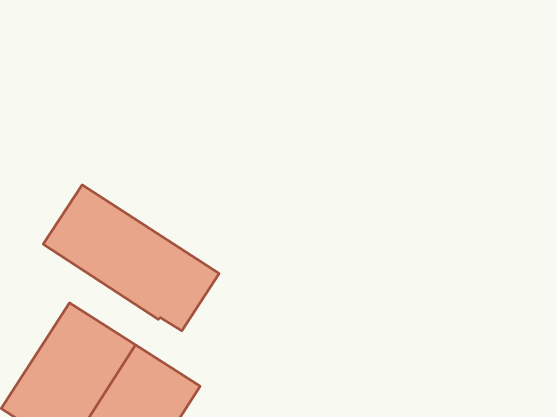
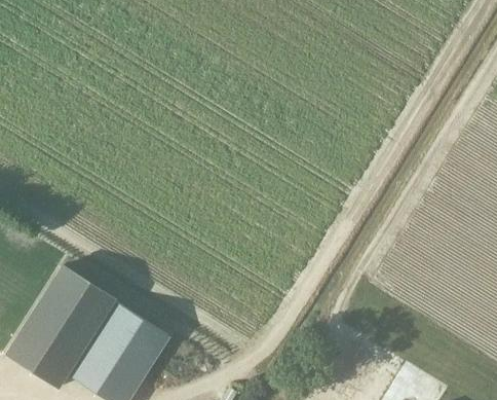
building: [43,185,219,331] -> none

